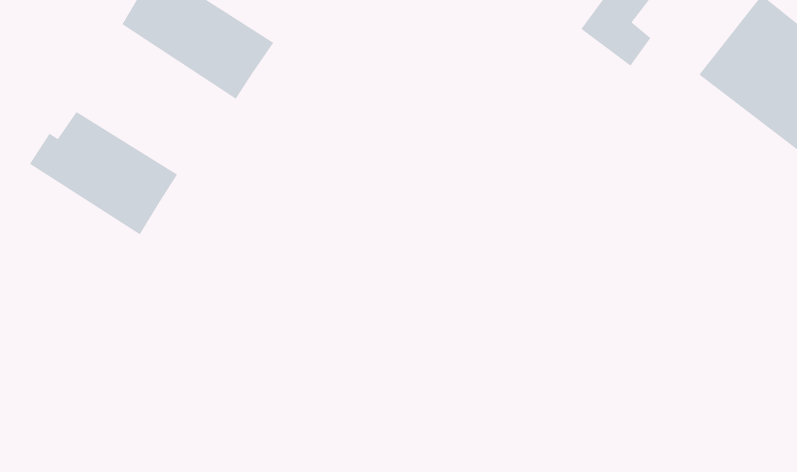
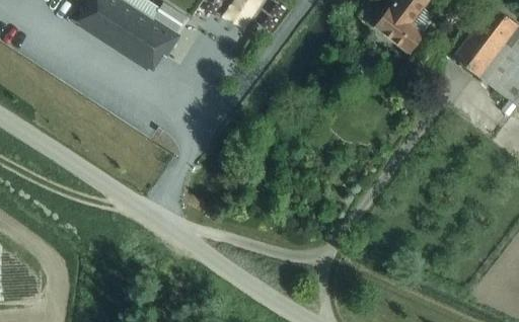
building: [29,111,178,235] -> none

